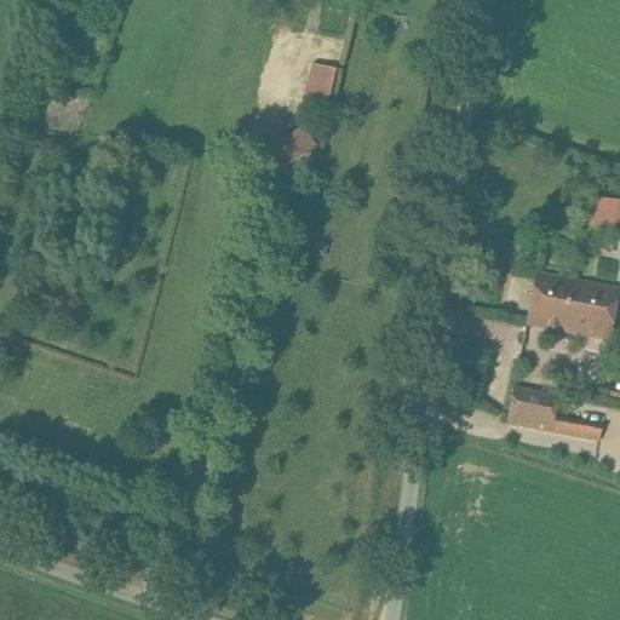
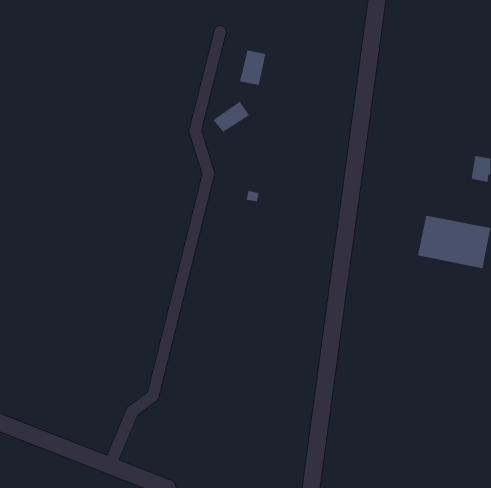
building: [506,385,602,440] -> none

